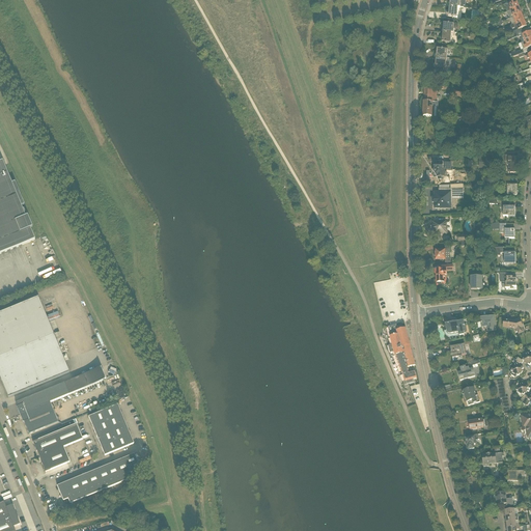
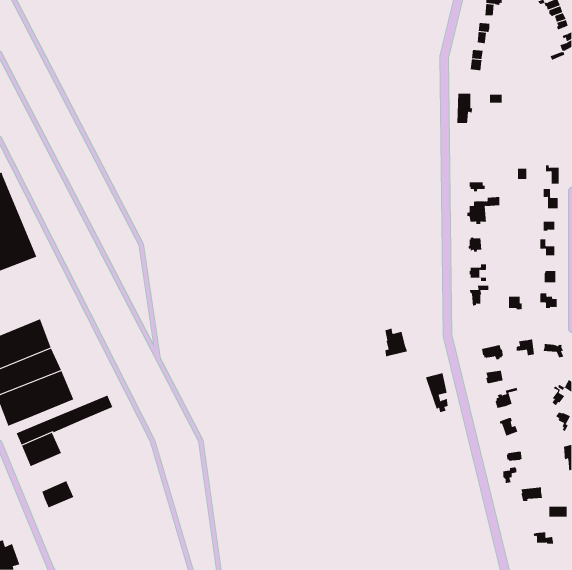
building: [388,323,410,350] -> [384,328,408,357]
building: [87,402,133,453] -> none
building: [32,421,82,454] -> none
building: [56,451,137,501] -> none

